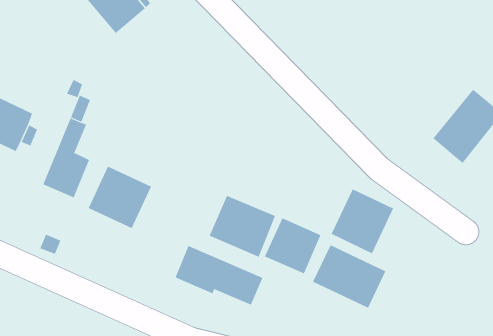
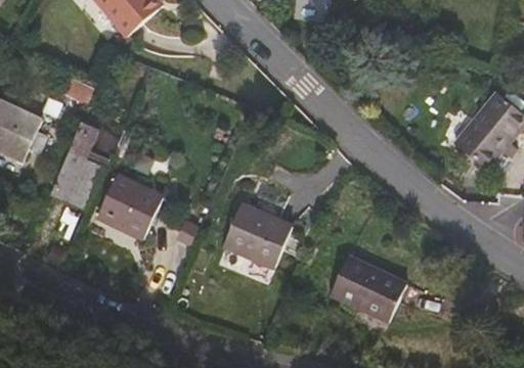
building: [331,189,394,254] -> none
building: [264,217,321,274] -> none
building: [175,245,263,306] -> none

